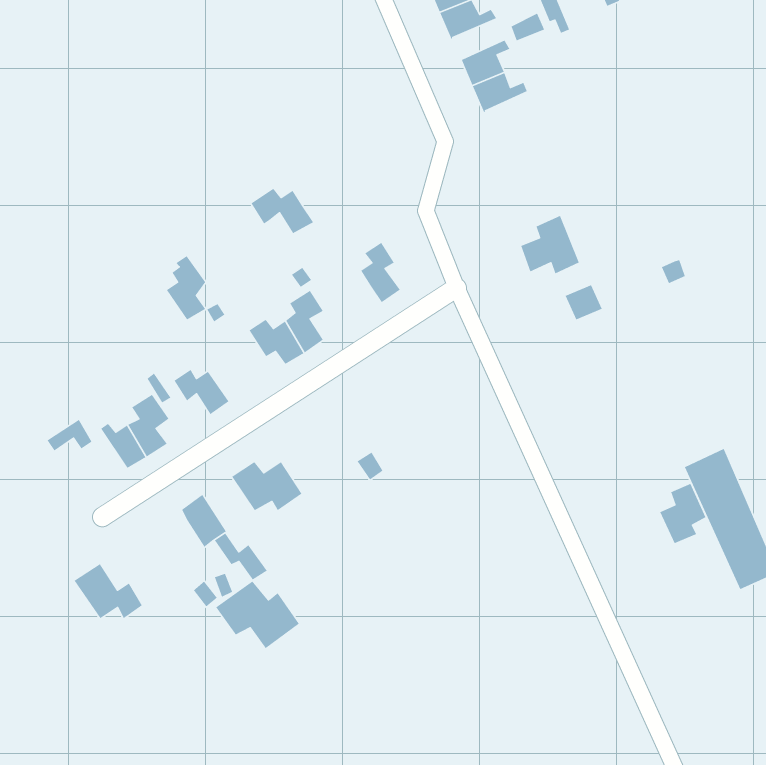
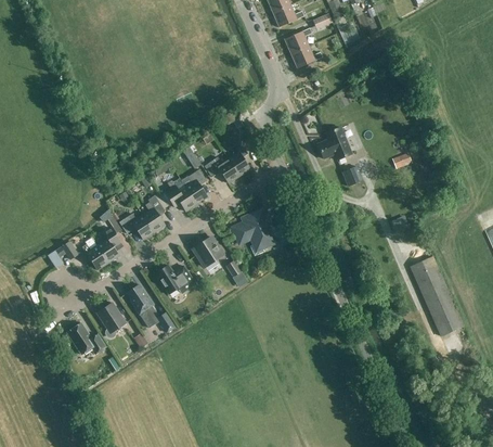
building: [251,188,314,234] -> [204,156,239,182]
building: [166,255,206,321] -> [142,194,165,231]
building: none -> [230,208,290,255]
building: none -> [193,235,223,266]
building: [659,483,707,544] -> none
building: none -> [96,302,126,336]
building: [215,581,300,649] -> none

